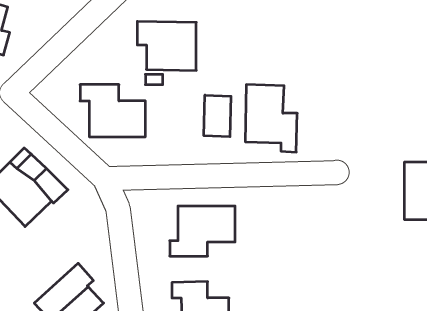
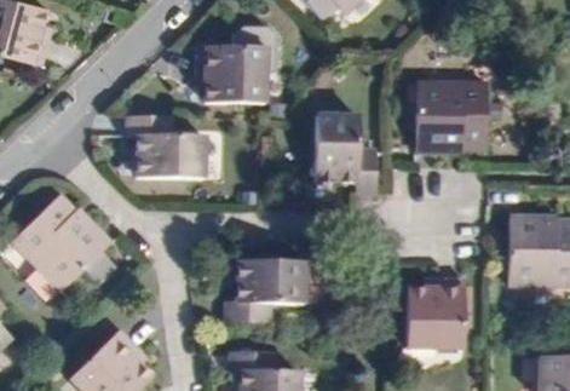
building: none -> [418,81,490,153]
building: [204,95,231,137] -> none
building: none -> [408,276,465,345]

